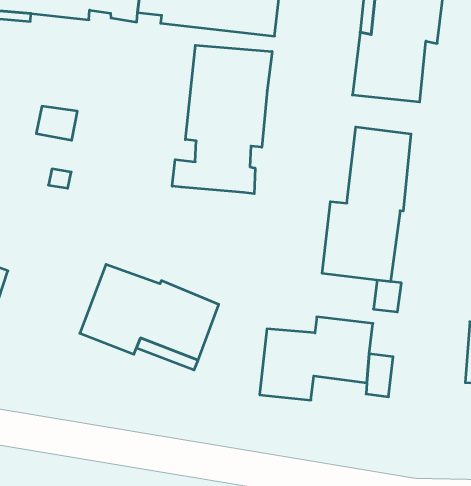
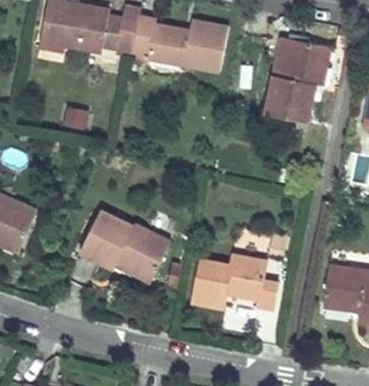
building: [172,45,272,194] -> none
building: [322,127,411,282] -> none

